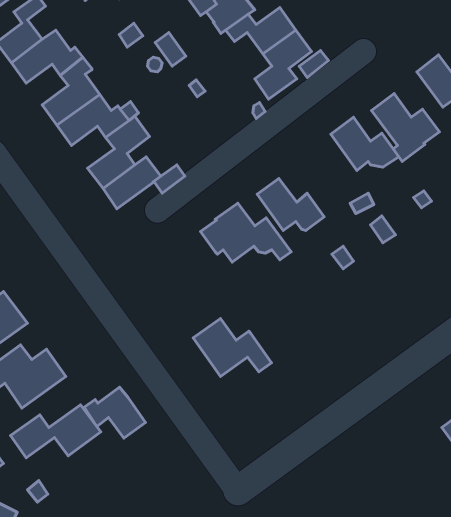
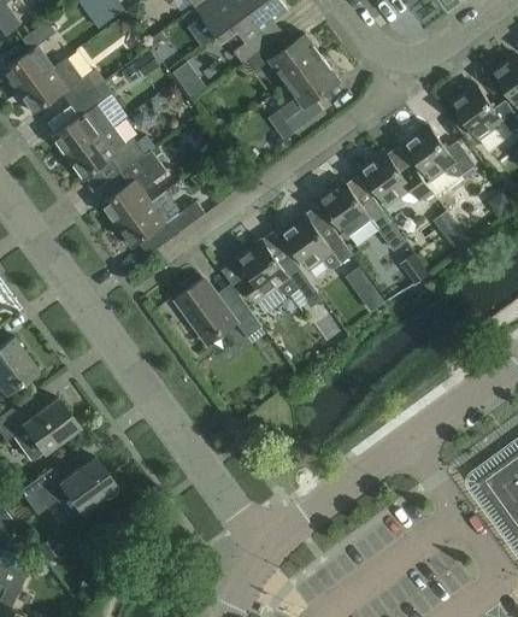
building: none -> [318,182,390,243]
building: [193,319,271,376] -> [177,281,260,342]
building: [84,387,145,438] -> none

